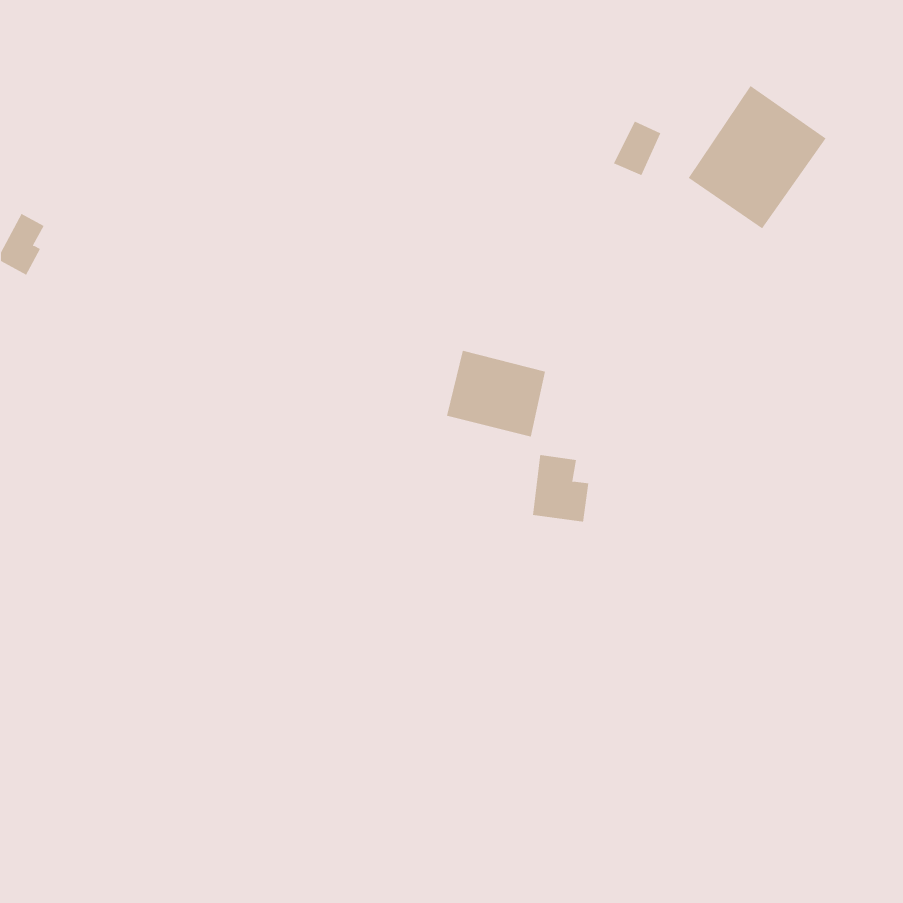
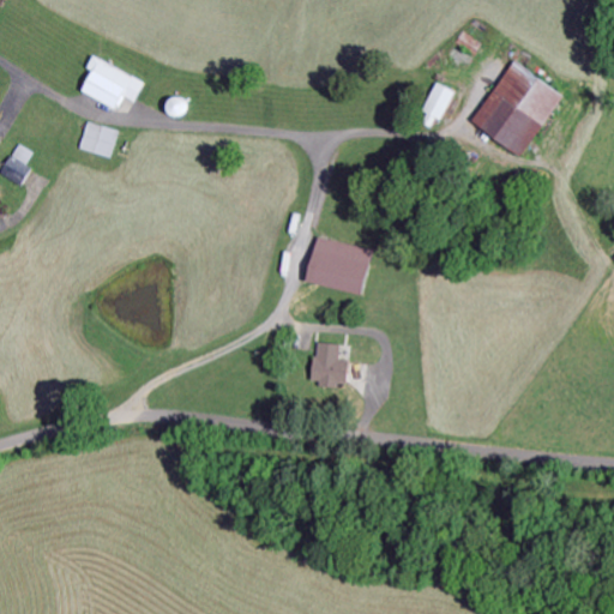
building: none -> [80,55,144,110]
building: none -> [79,122,120,158]
building: [532,455,589,522] -> [312,342,350,387]

